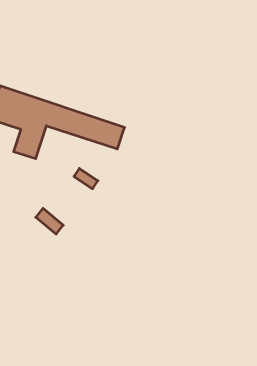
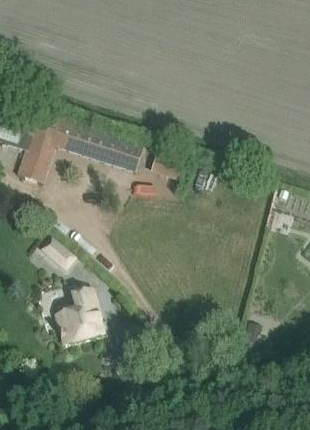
building: none -> [58,287,104,344]

